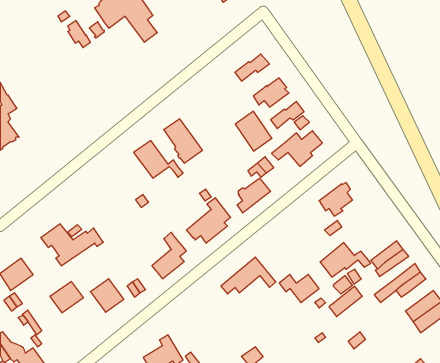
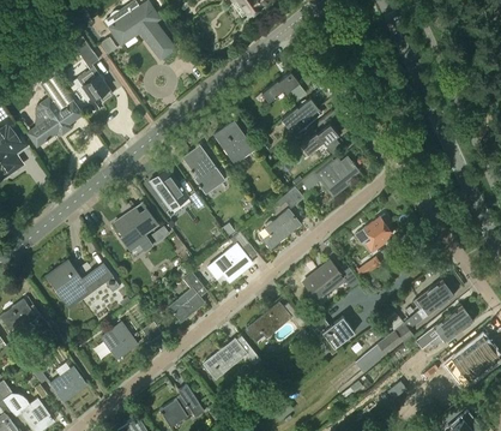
building: none -> [28,50,82,146]
building: none -> [73,67,113,110]
building: [235,111,272,151] -> [213,120,254,164]
building: none -> [114,208,157,250]
building: [320,243,371,277] -> [303,261,360,299]
building: [50,281,83,313] -> [49,366,86,401]
building: none -> [204,339,247,378]

